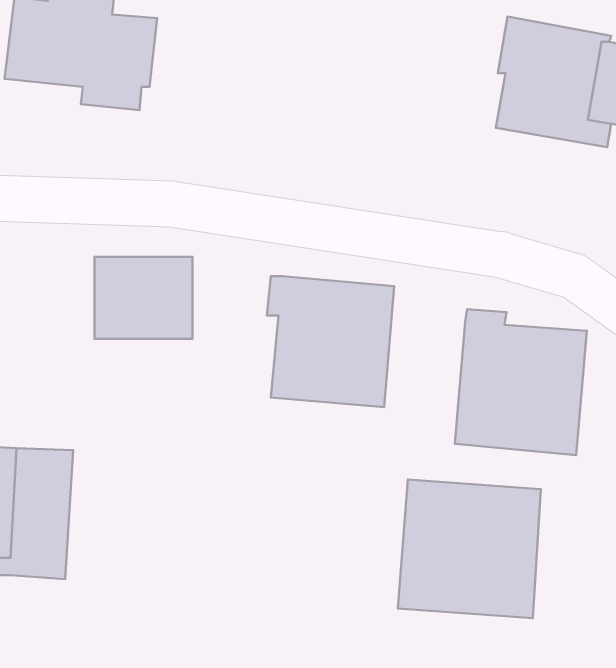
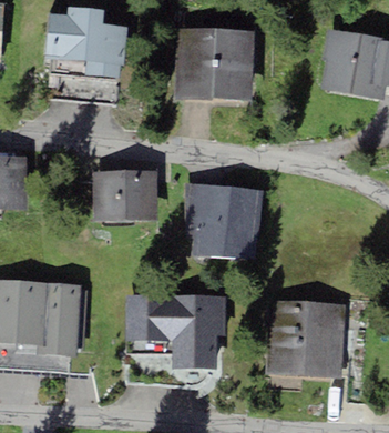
building: none -> [174,36,255,112]
building: [455,309,587,455] -> none
building: none -> [125,292,226,367]

